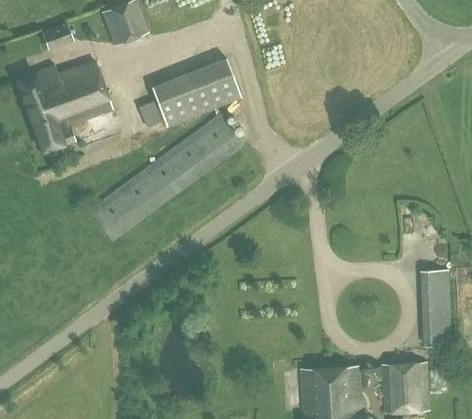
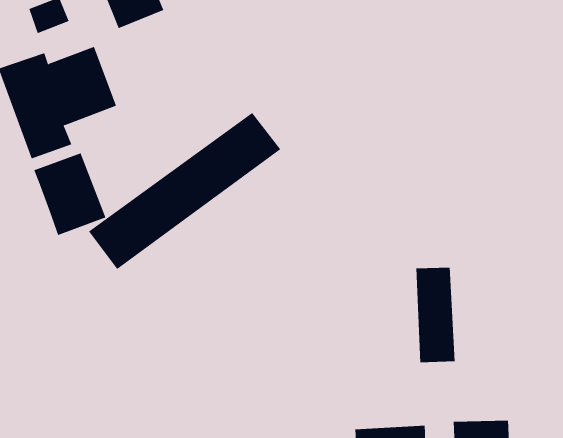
building: [138,59,240,128] -> none
building: none -> [34,152,106,236]
building: [420,269,452,346] -> [416,267,455,363]

